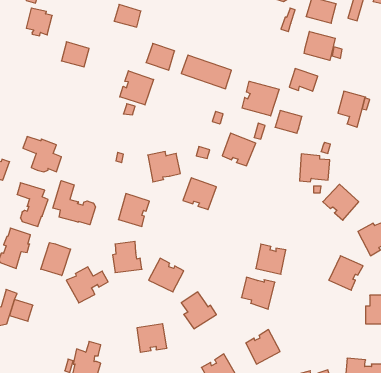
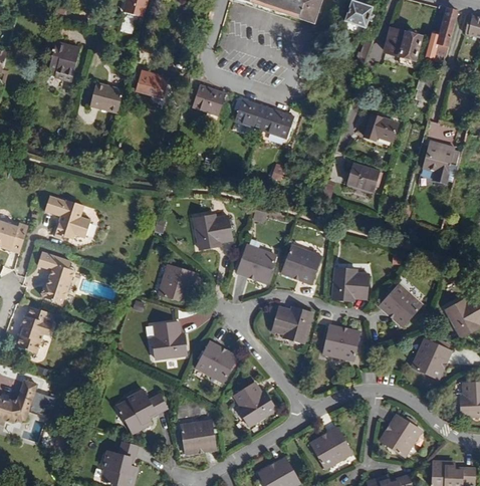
building: [114,4,141,27] -> [136,70,168,97]
building: [304,31,335,60] -> none
building: [120,71,154,105] -> none
building: [242,81,279,116] -> none
building: [222,133,256,166] -> [281,245,321,284]
building: [300,154,330,182] -> [332,267,369,300]
building: [53,181,95,225] -> none
building: [323,184,359,220] -> [379,284,422,327]
building: [41,243,71,276] -> none
building: [66,267,108,303] -> [117,390,168,433]
building: [241,277,275,309] -> [272,306,312,344]
building: none -> [380,414,422,457]

